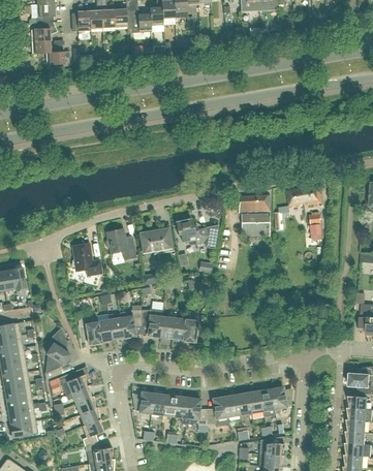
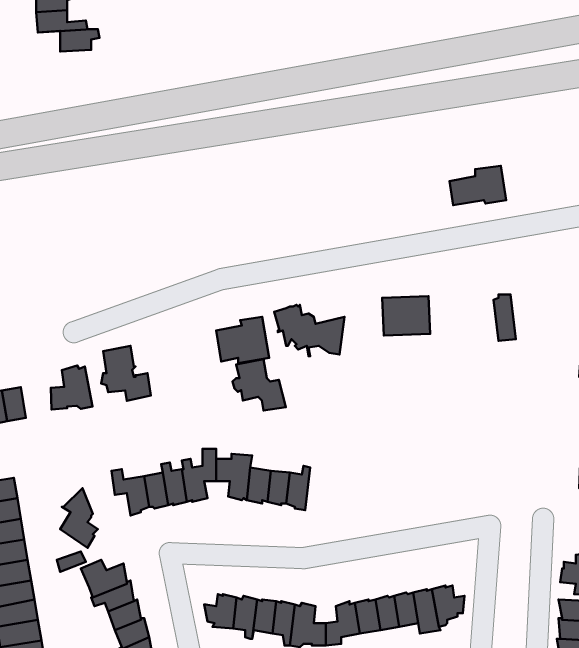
building: [286,182,320,206] -> [450,166,506,205]
building: [239,195,270,213] -> none
building: [104,228,136,259] -> [233,359,286,411]
building: none -> [51,366,92,410]

